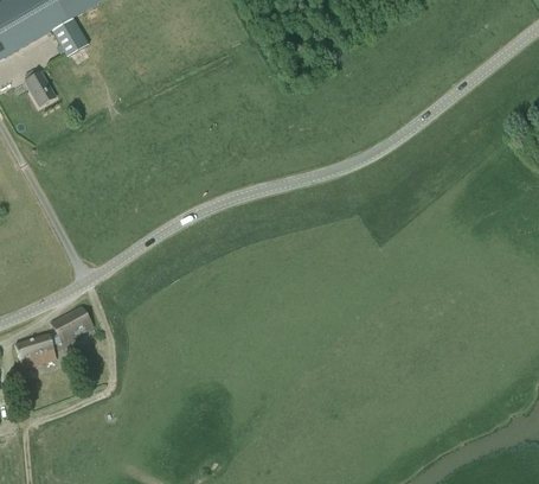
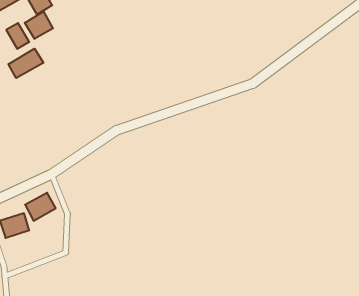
building: none -> [25,12,53,39]
building: none -> [8,49,43,78]

